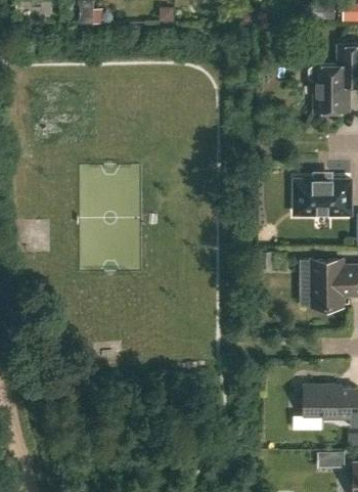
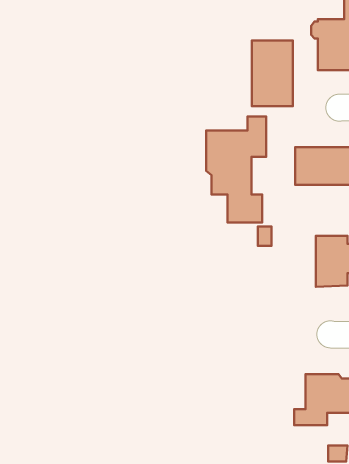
building: none -> [252,41,293,106]
building: none -> [206,116,266,223]

